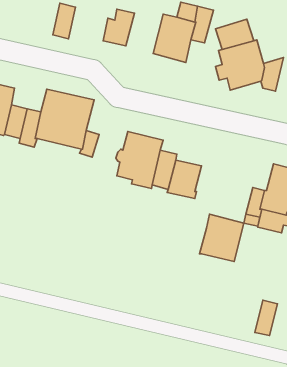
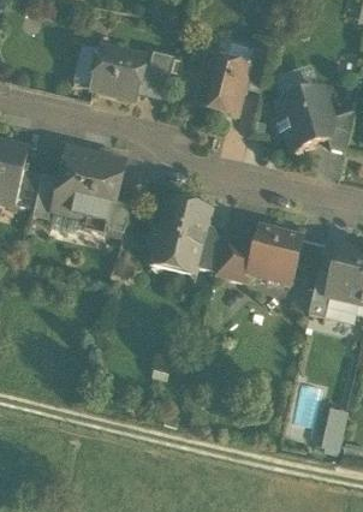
building: none -> [93,49,142,97]
building: [200,214,244,262] -> [246,226,300,284]

